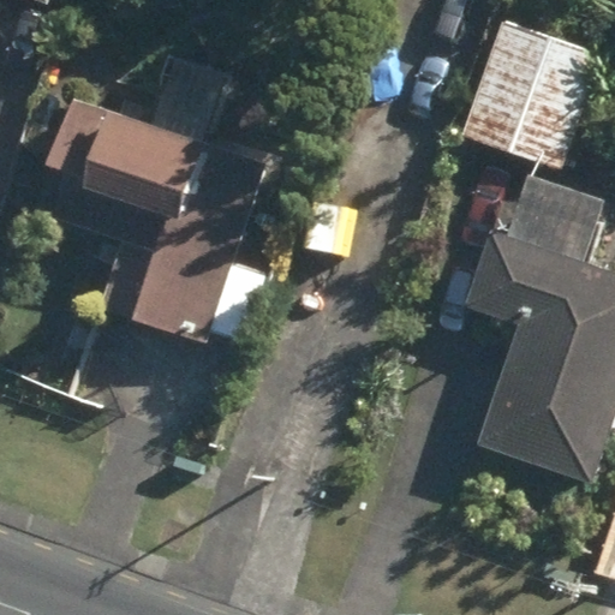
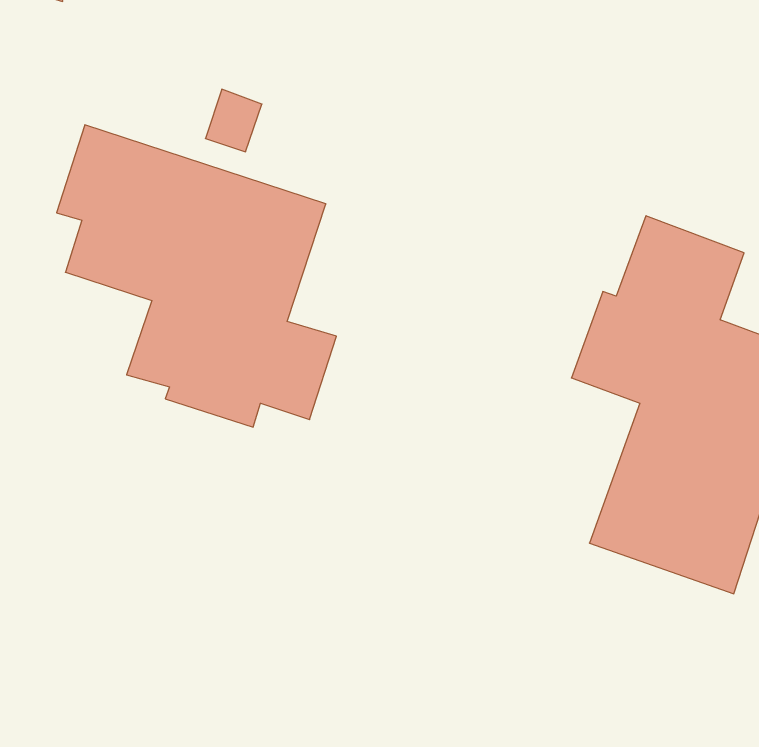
building: [462,19,603,169] -> none

